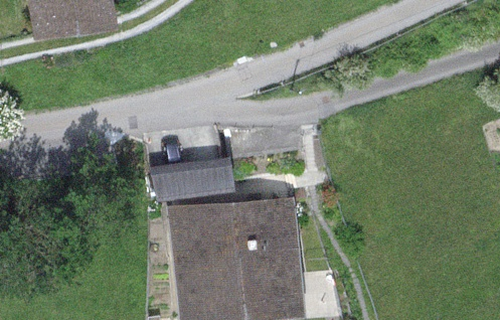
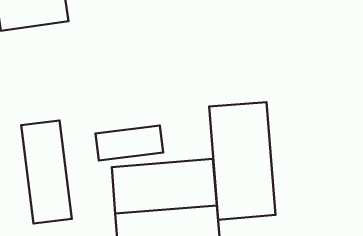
building: none -> [209,102,275,220]
building: none -> [21,120,72,224]

